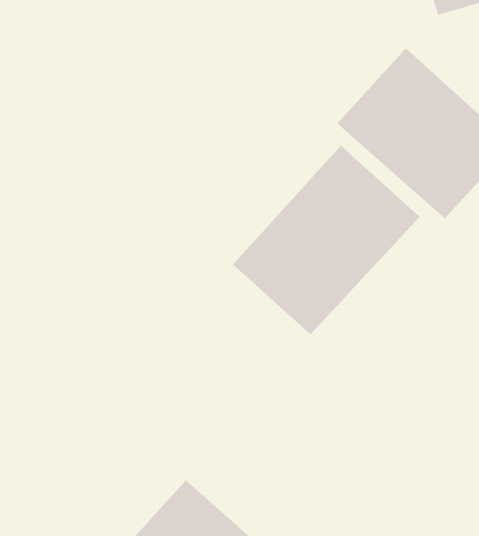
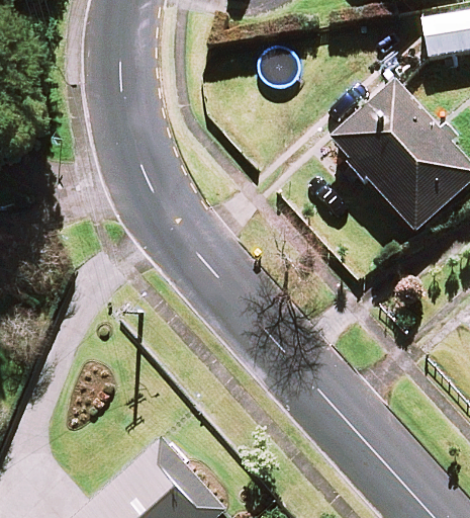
building: [232,145,420,335] -> none

